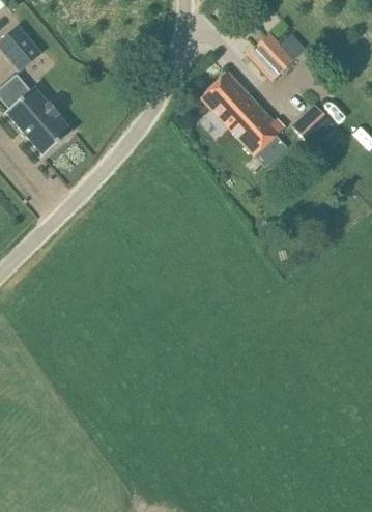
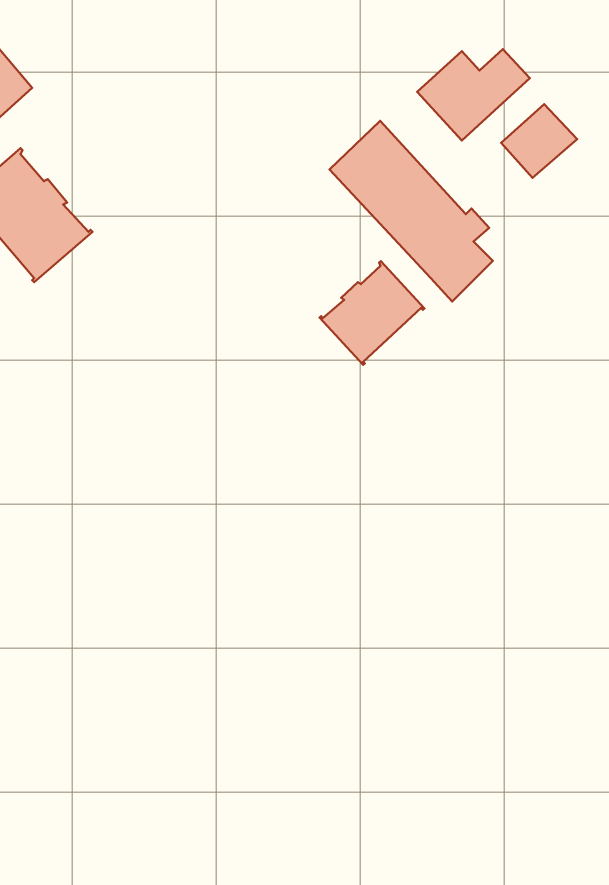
building: [291,104,332,143] -> [501,104,577,178]
building: none -> [320,261,424,365]

